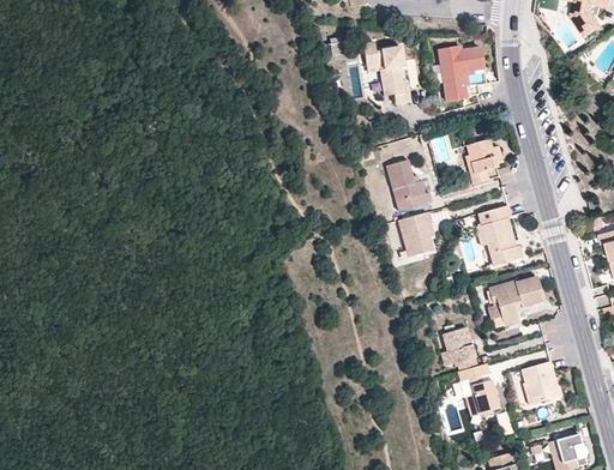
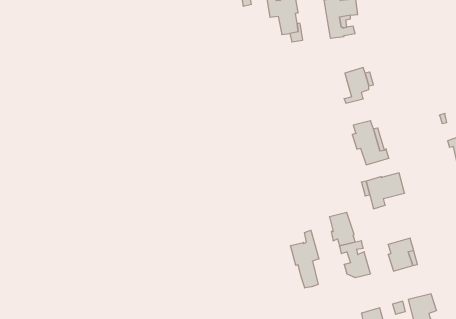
building: [385,159,432,210] -> none
building: [397,211,433,257] -> none
building: none -> [291,230,319,288]

